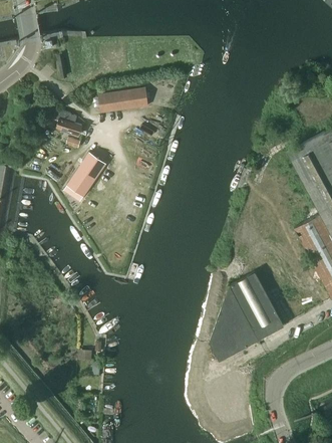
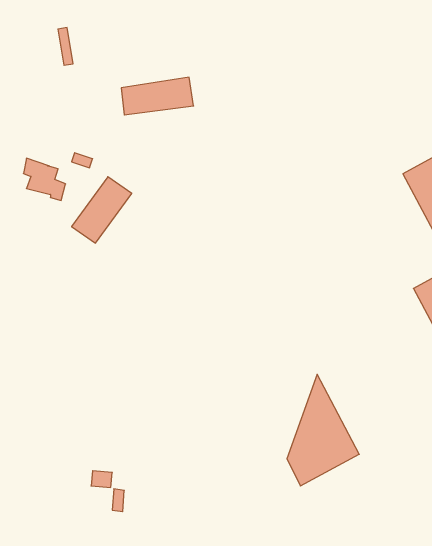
building: [54,108,82,137] -> [23,158,66,200]
building: [231,271,284,339] -> none

